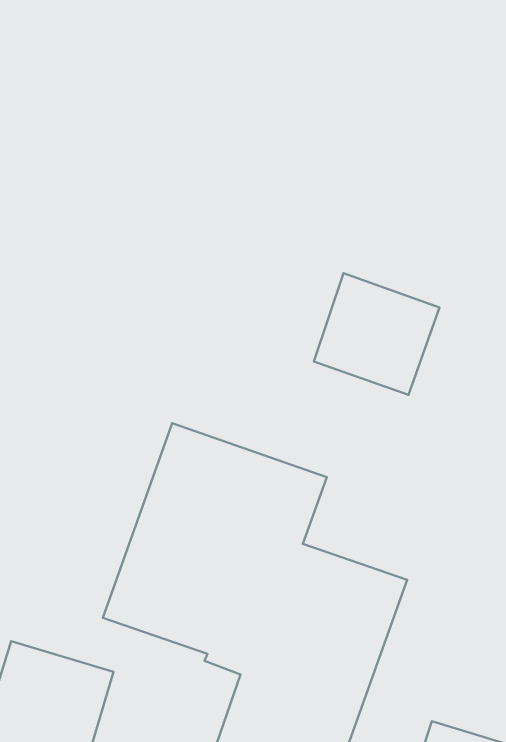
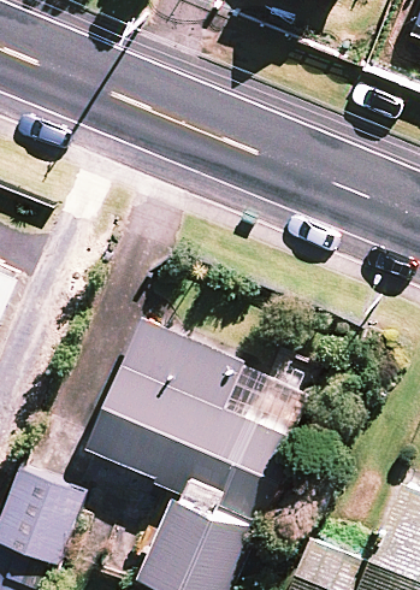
building: [314,273,439,395] -> none

